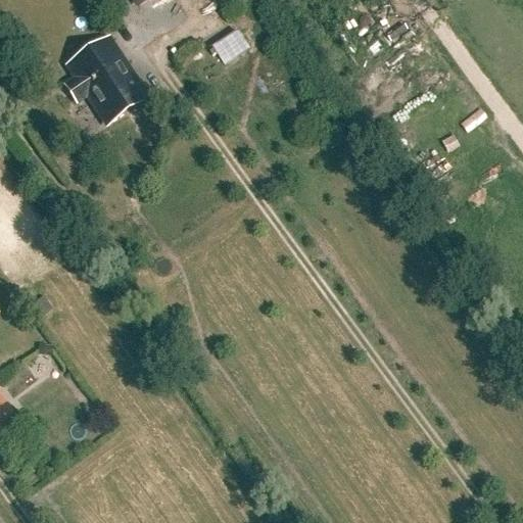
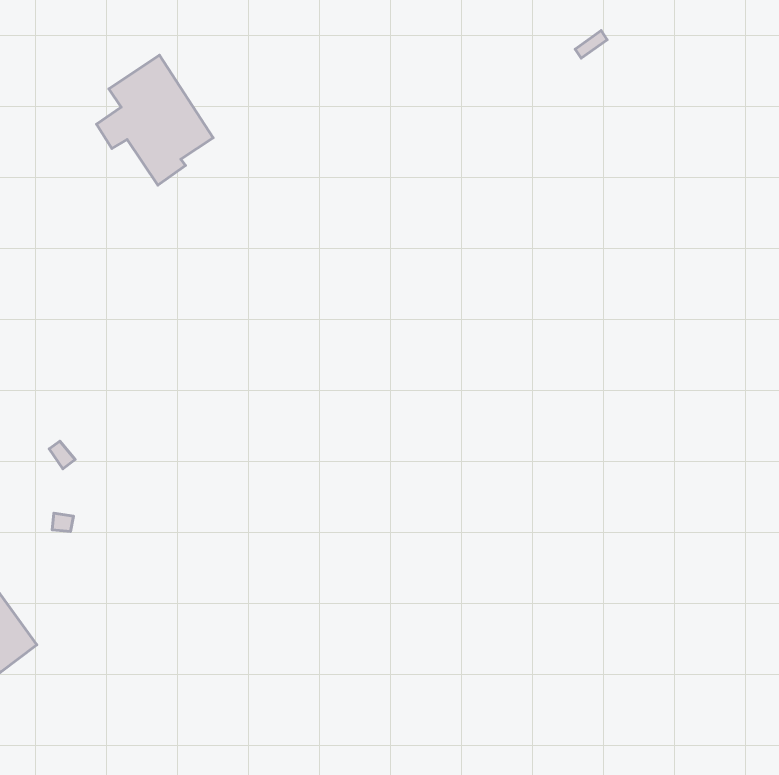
building: [209,28,246,62] -> none

